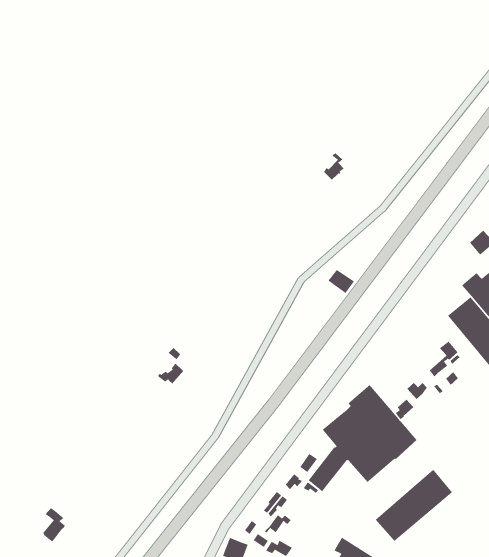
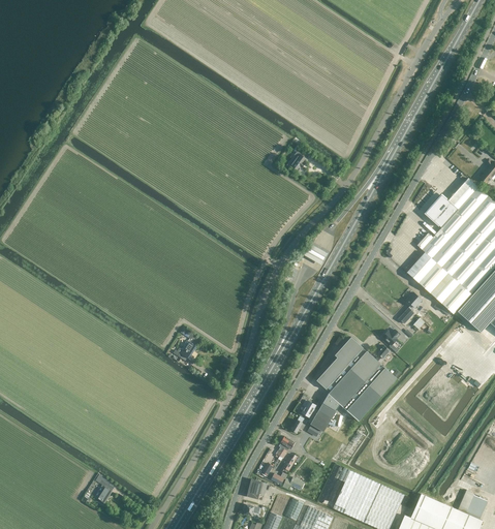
building: [375,469,453,542] -> none

